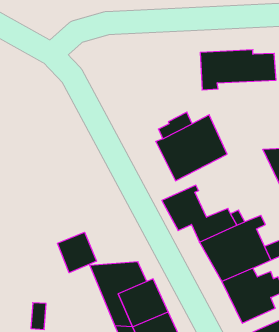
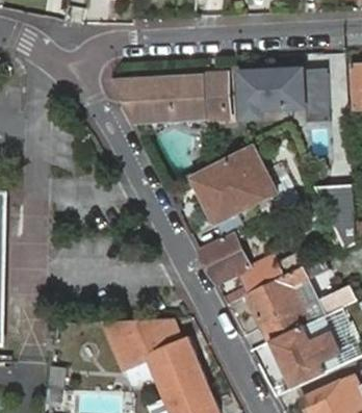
building: none -> [109,74,228,122]
building: [58,232,96,273] -> none

